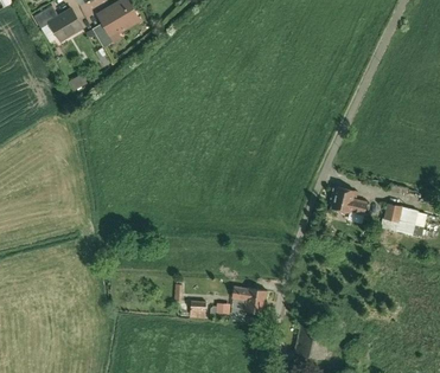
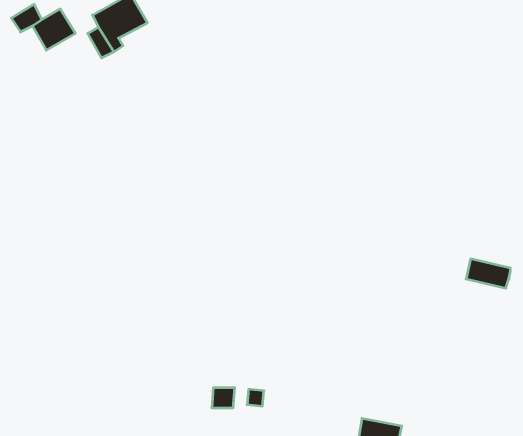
building: [331,186,366,213] -> none
building: [230,287,266,315] -> none

